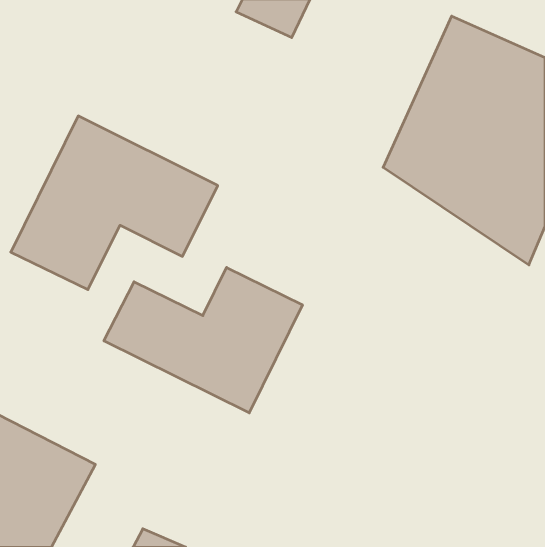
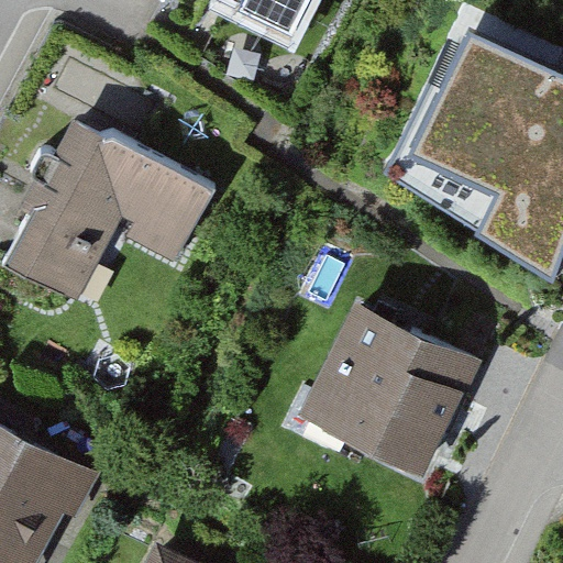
building: [104,267,302,413] -> none
building: none -> [290,306,482,490]

